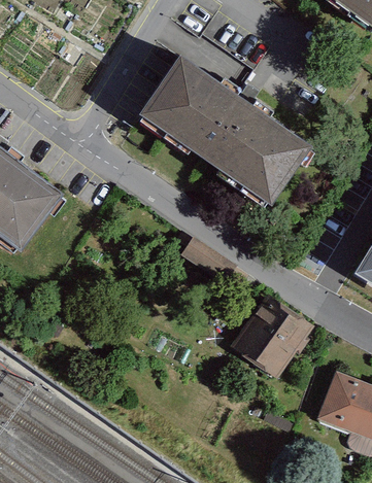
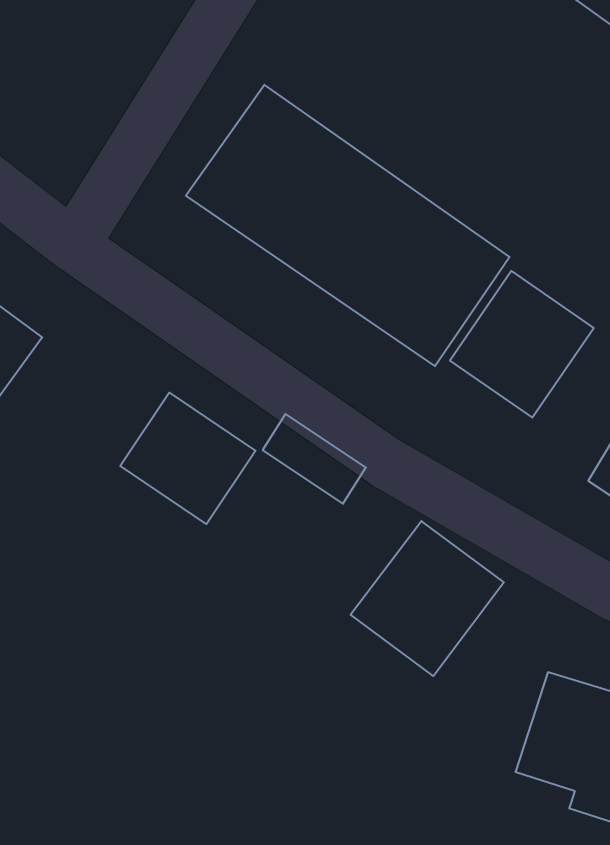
building: none -> [450,271,594,418]
building: none -> [120,393,256,524]

